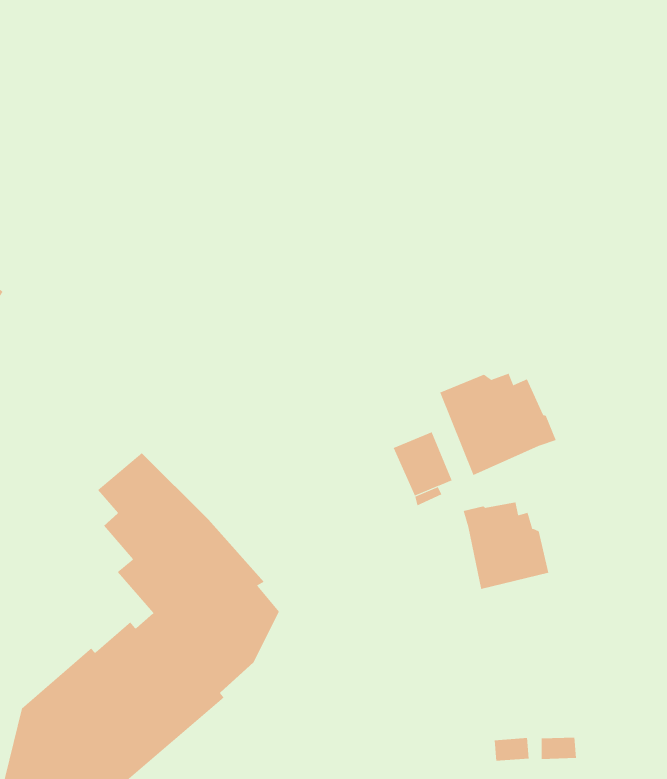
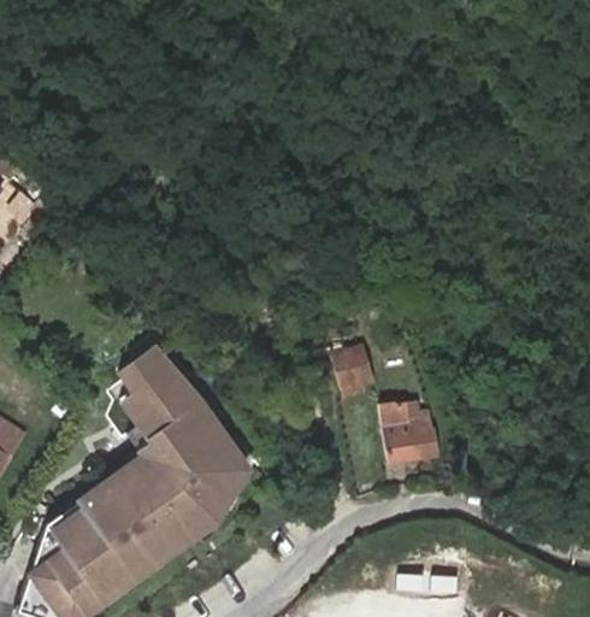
building: [440,373,557,476] -> none

